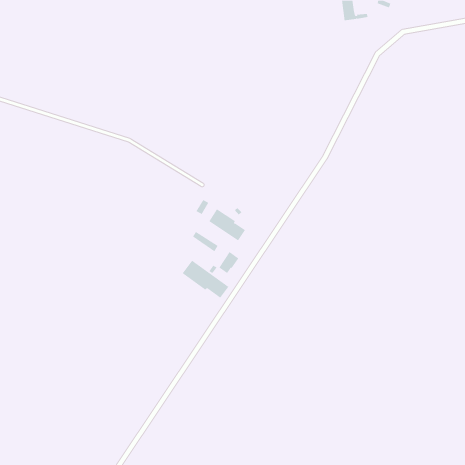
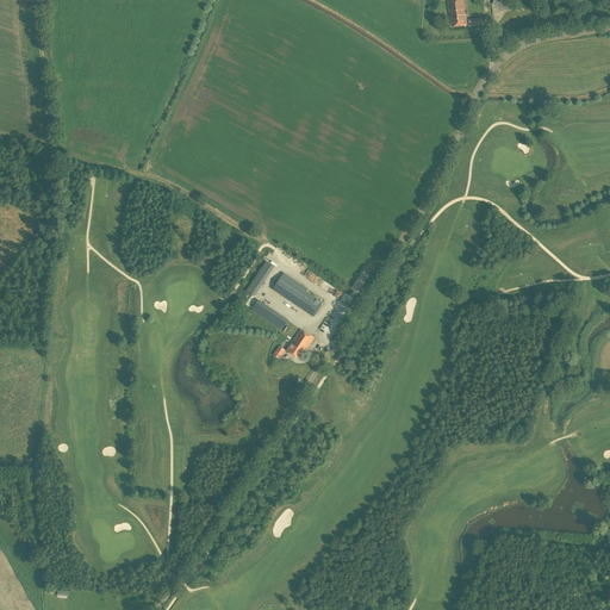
building: [182,260,229,299] -> none

